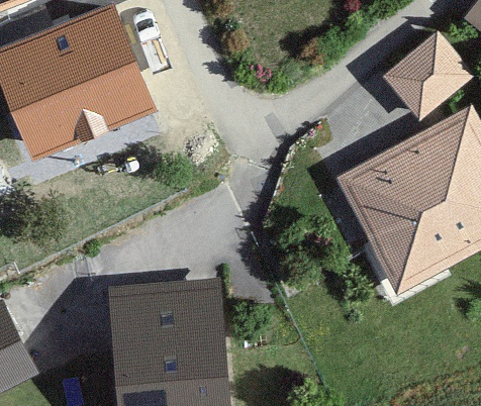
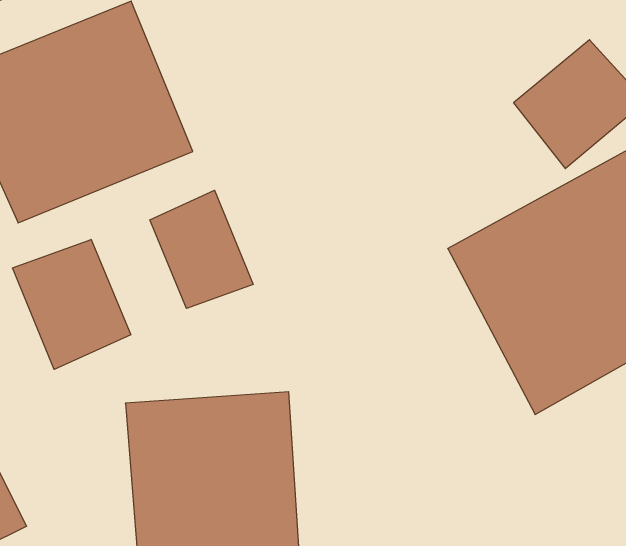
building: none -> [150,190,253,308]
building: none -> [13,239,131,369]

